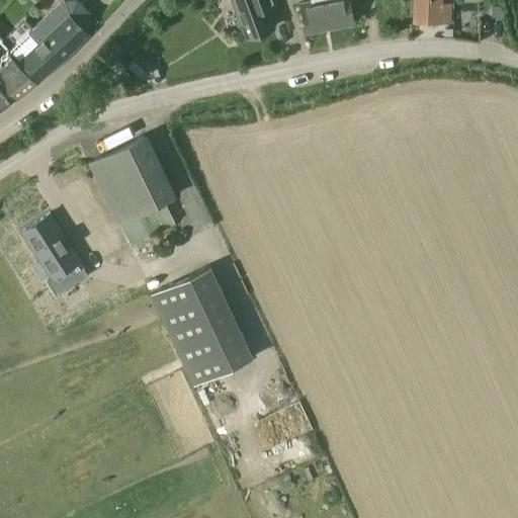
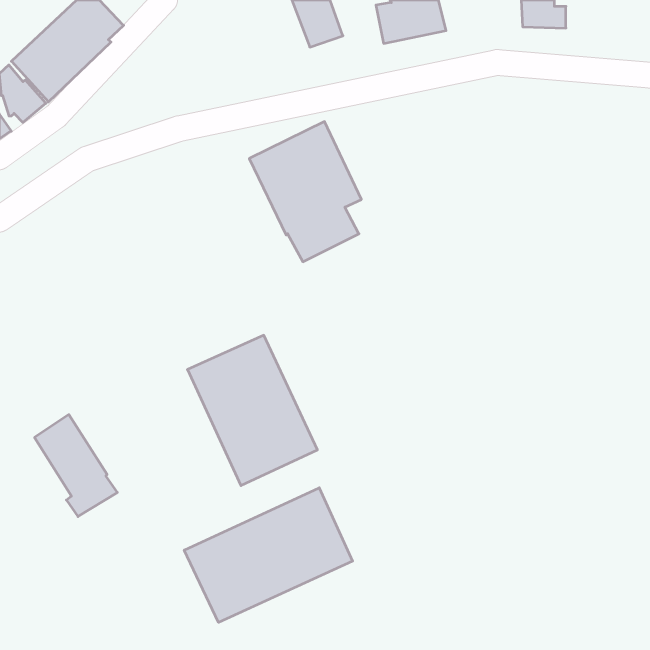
building: [87,135,176,246] -> [249,122,361,262]
building: [21,213,87,294] -> [35,415,117,517]
building: none -> [184,488,353,622]

